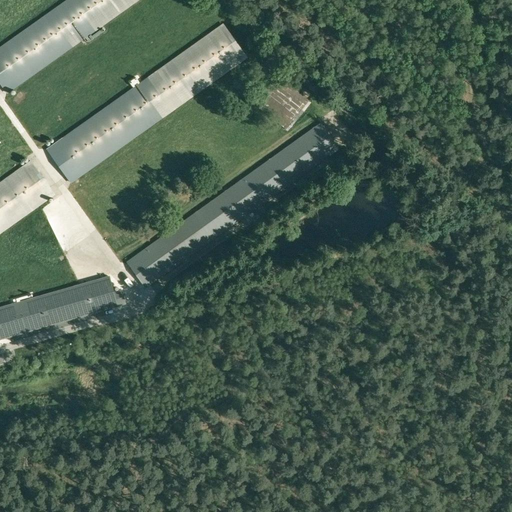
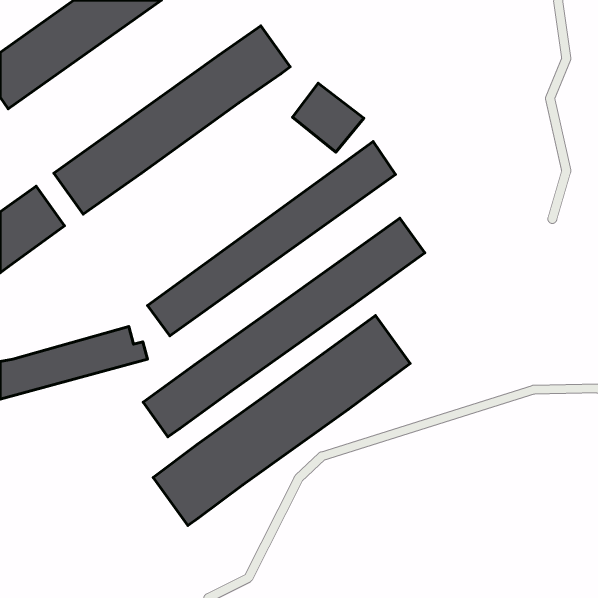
building: none -> [143,218,425,437]
building: none -> [153,316,410,525]

